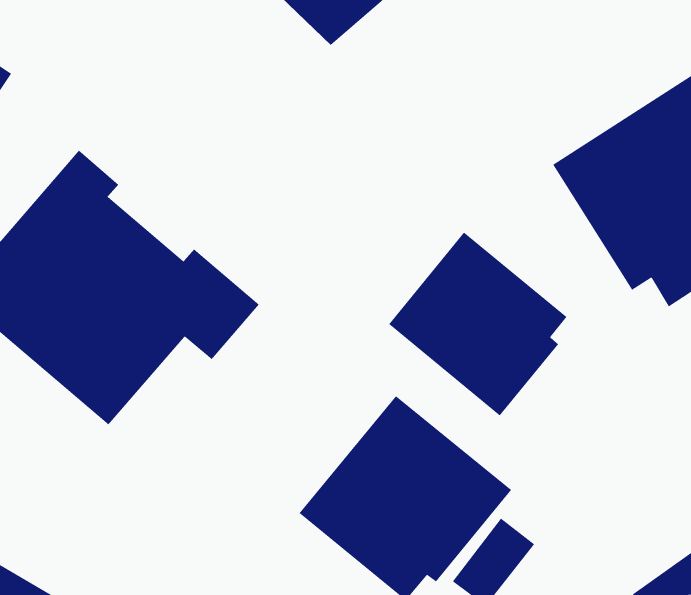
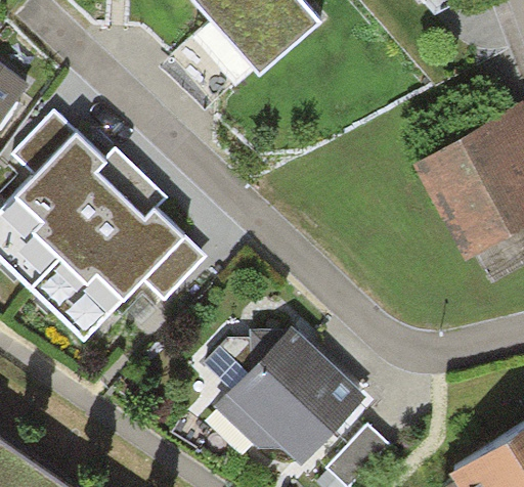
building: [388,231,567,417] -> none

